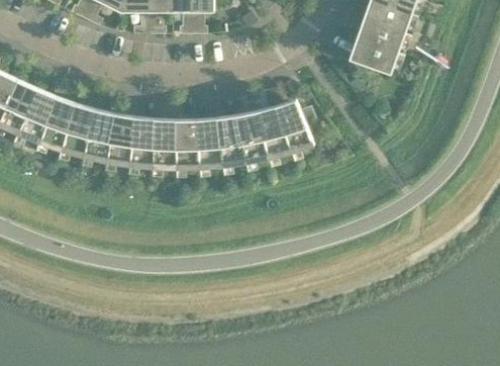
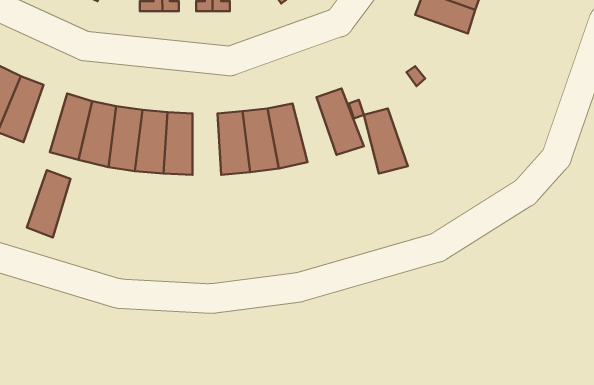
building: [347,37,397,73] -> none
building: [38,94,74,149] -> [27,170,70,238]
building: [256,104,291,157] -> [364,109,408,174]
building: [175,117,198,167] -> none

